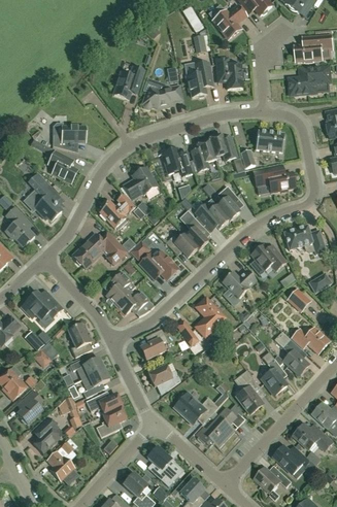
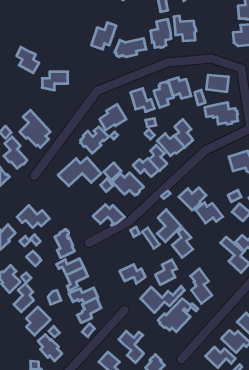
building: [49,150,77,182] -> [17,47,39,73]
building: [251,244,285,270] -> [195,202,223,223]
building: [104,272,134,305] -> none
building: [140,329,167,360] -> [155,260,177,285]
building: [261,359,287,395] -> [172,228,193,258]

